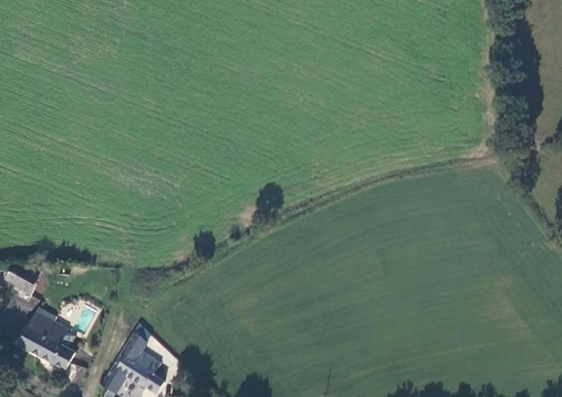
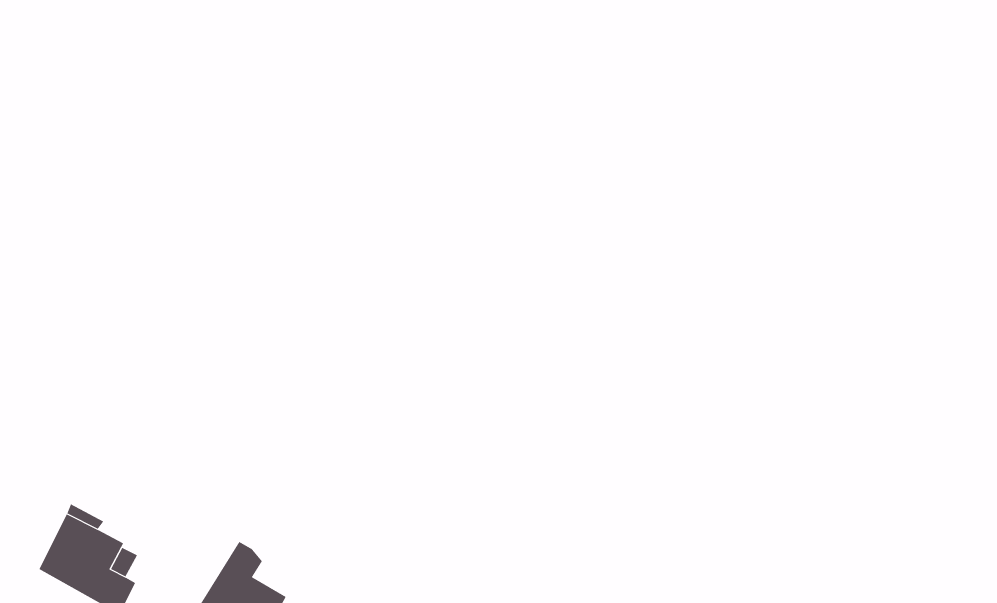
building: [7,265,39,294] -> none

